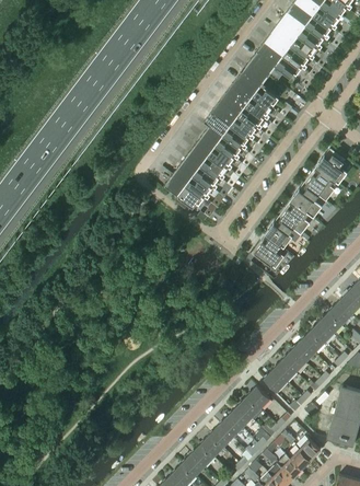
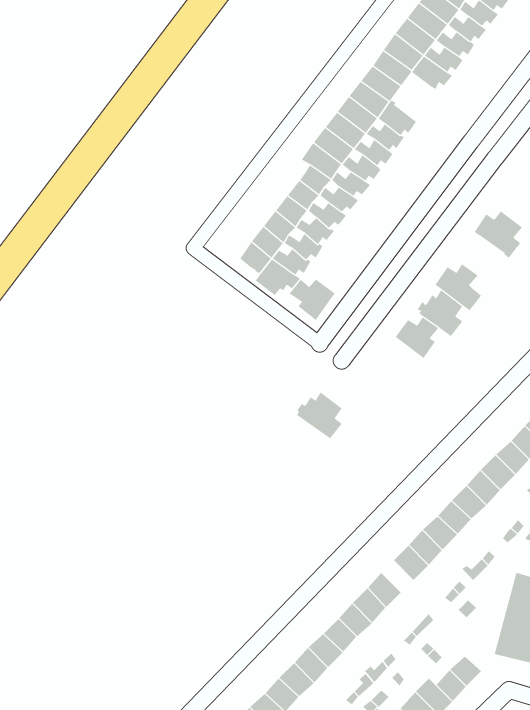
building: [304,171,335,202] -> none
building: none -> [289,278,335,321]
building: [254,239,283,269] -> [296,391,342,439]

